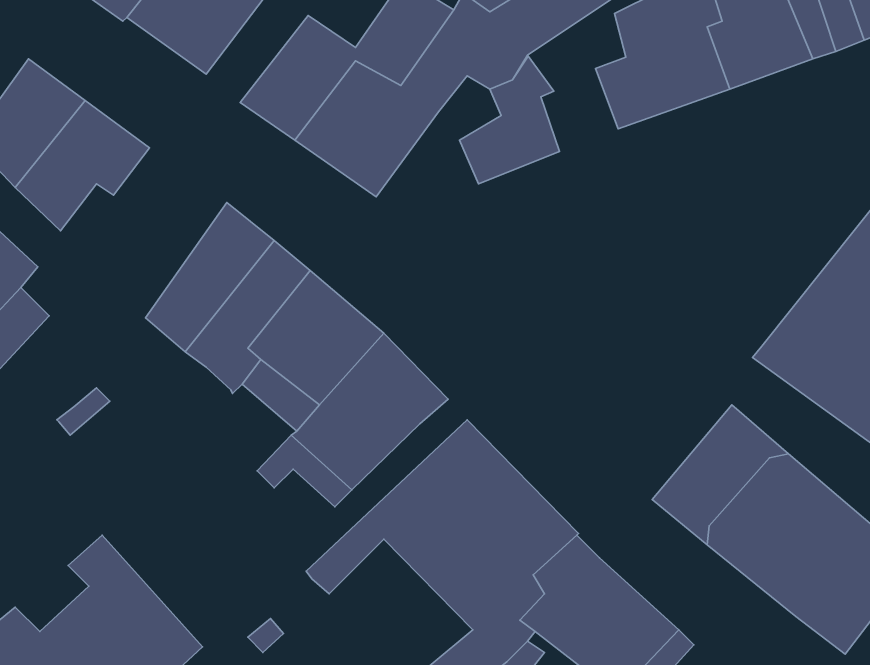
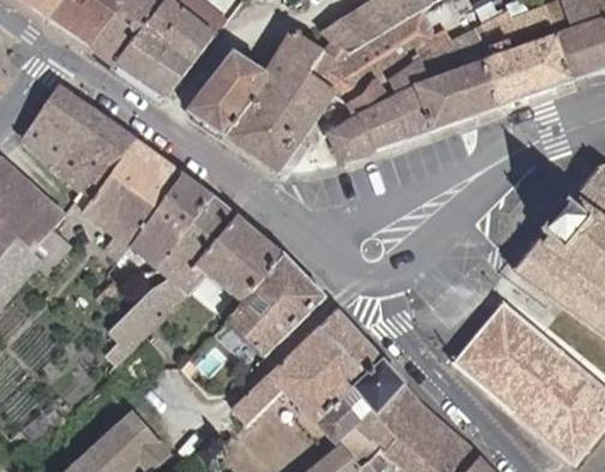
building: none -> [383,55,437,143]
building: none -> [73,141,184,261]
building: none -> [107,280,186,363]

